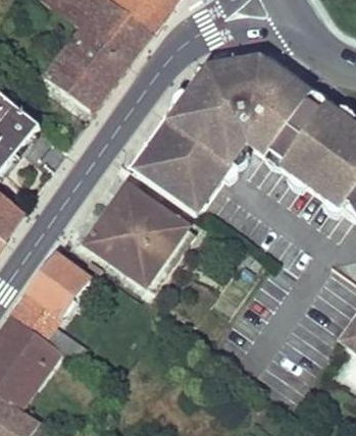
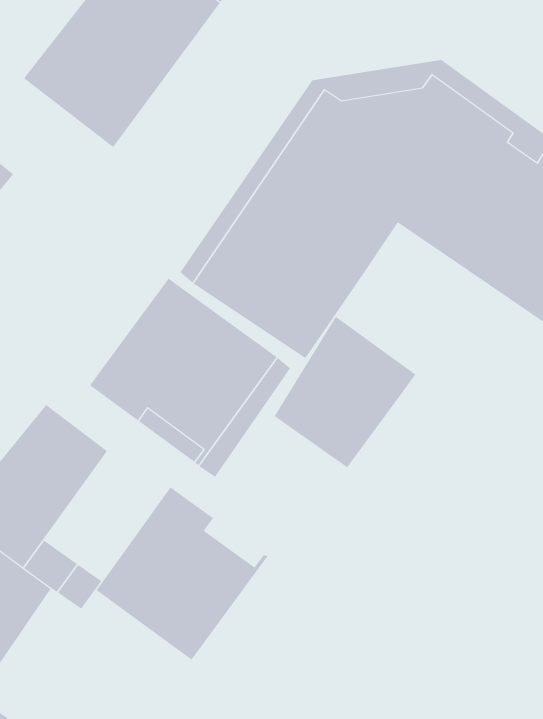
building: none -> [274,316,416,468]
building: none -> [96,487,268,661]

